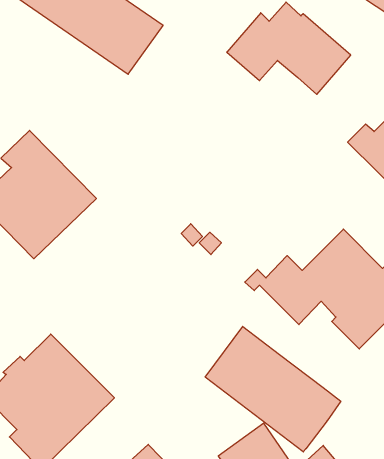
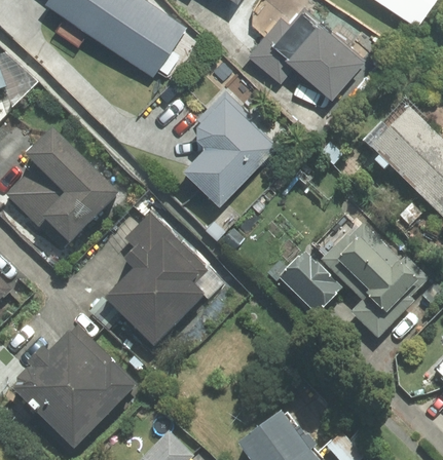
building: none -> [186,87,279,197]
building: none -> [107,217,207,346]
building: [205,326,341,452] -> none

